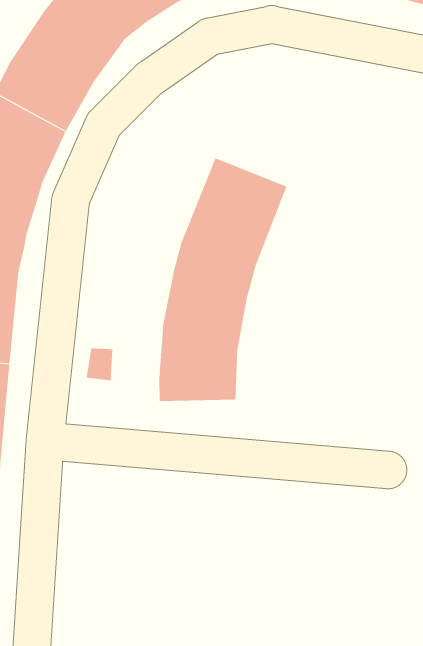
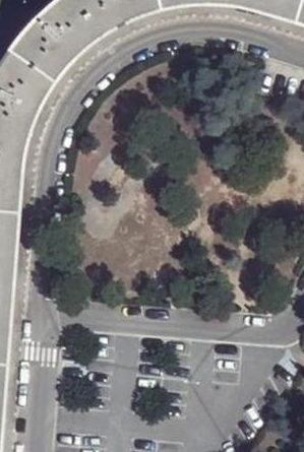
building: [159,158,287,402] -> none

